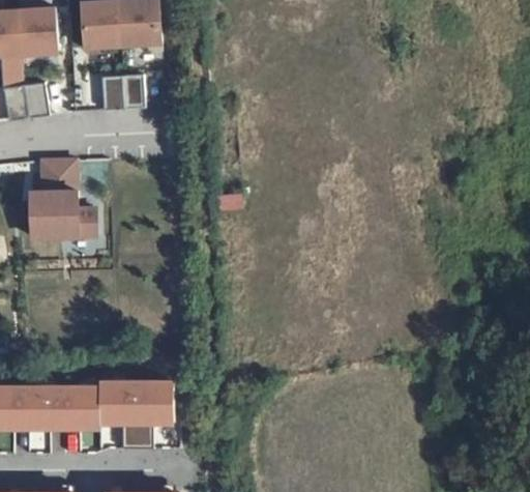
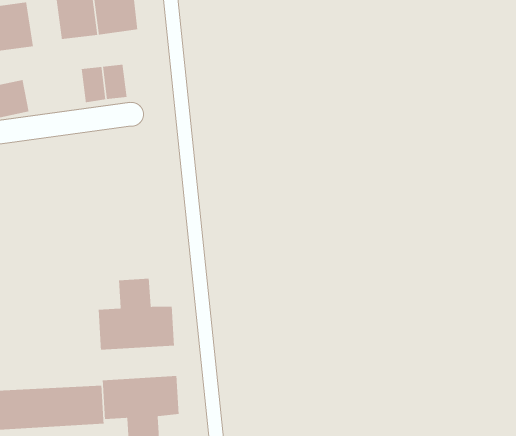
building: [31,161,96,238] -> none
building: none -> [98,278,175,351]

